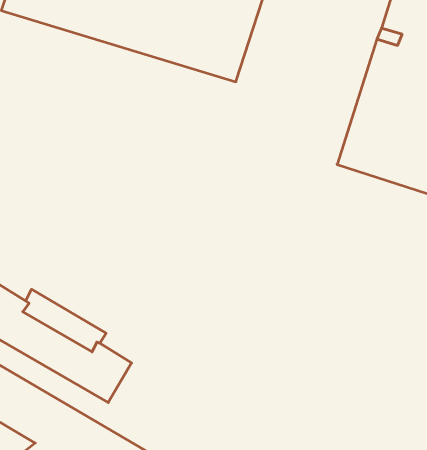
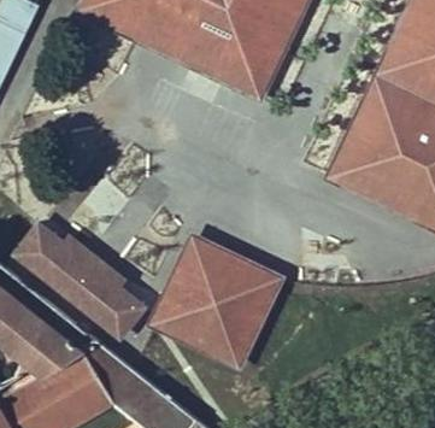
building: none -> [158,245,274,359]

